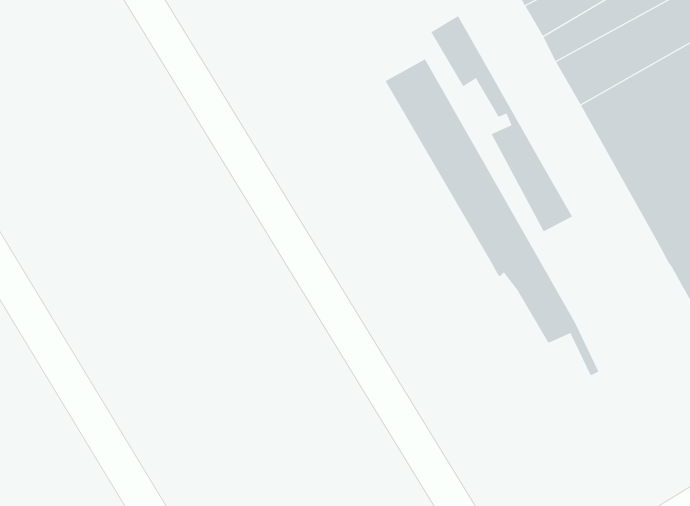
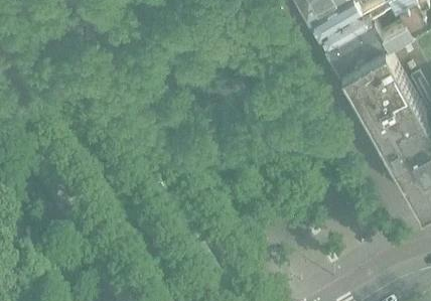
building: [430,15,573,232] -> none
building: [385,58,599,376] -> none

